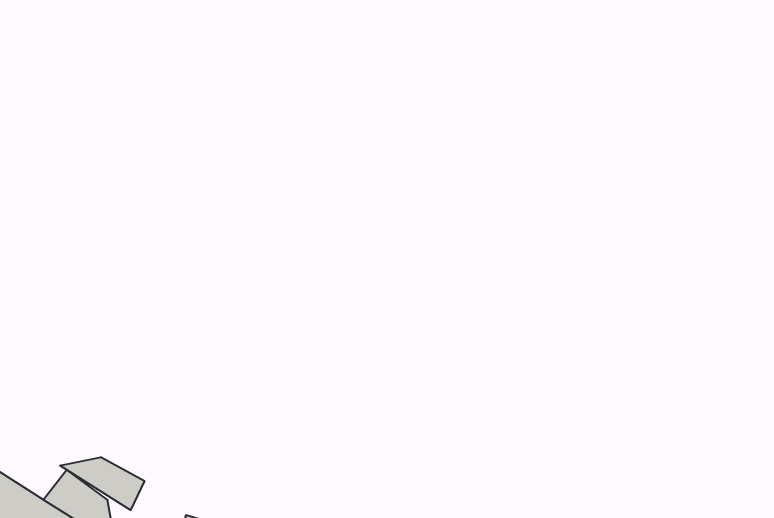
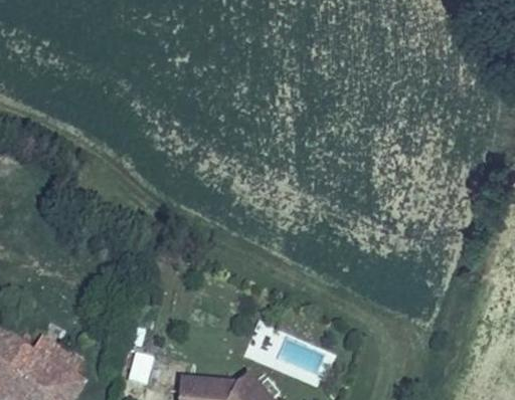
building: [60,457,144,510] -> none

